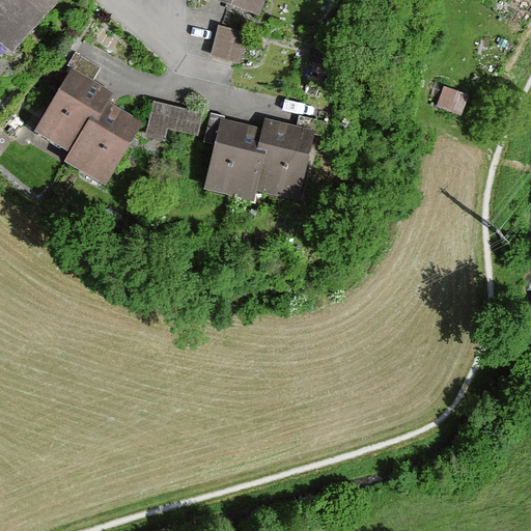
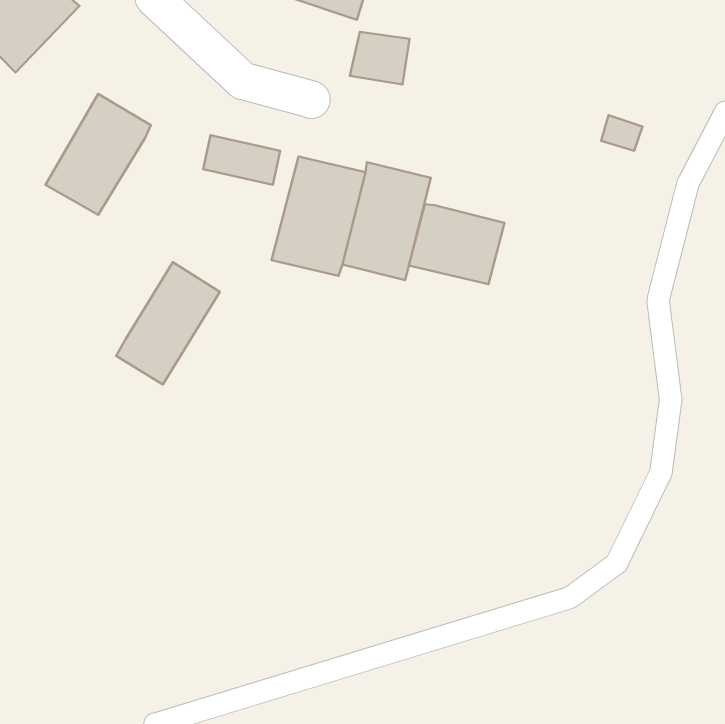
building: [206,25,250,63] -> [350,32,410,84]
building: [64,101,140,190] -> [116,262,220,384]
building: none -> [409,204,505,284]

